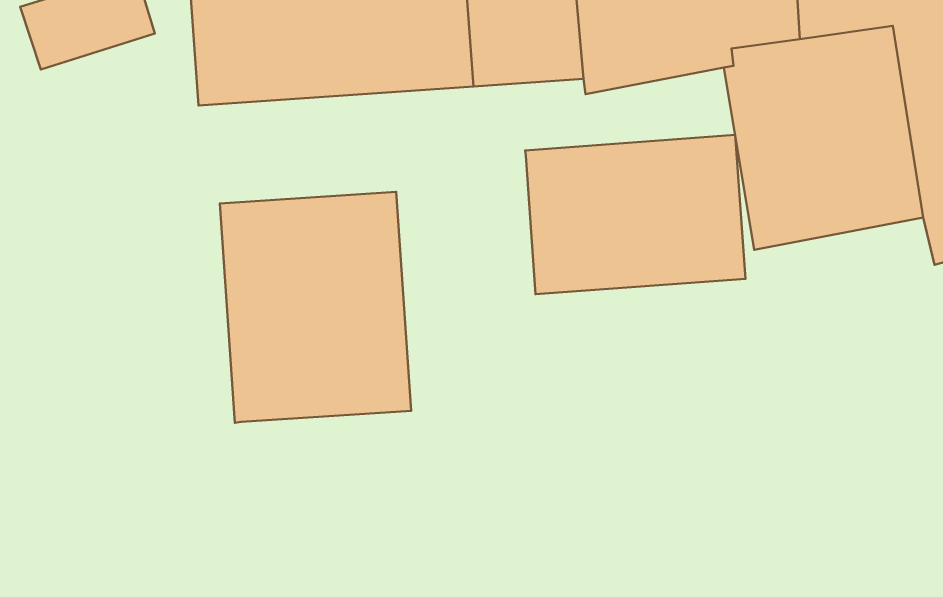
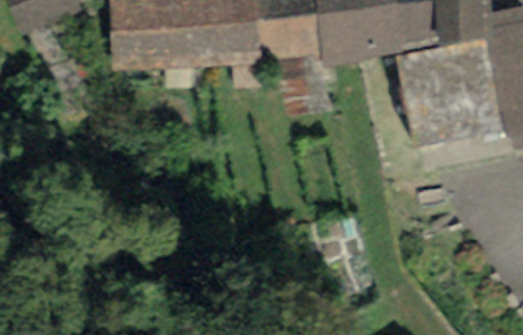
building: [525,135,745,294] -> none
building: [220,192,411,423] -> none

